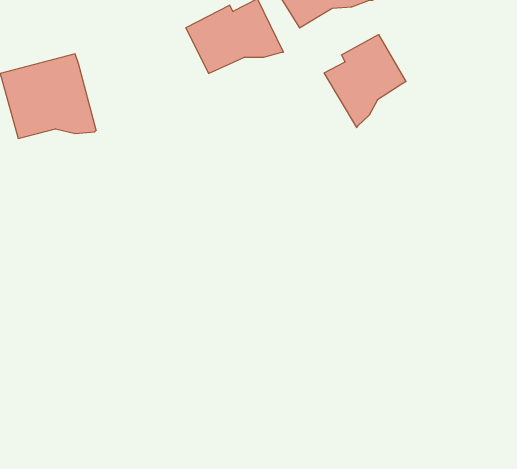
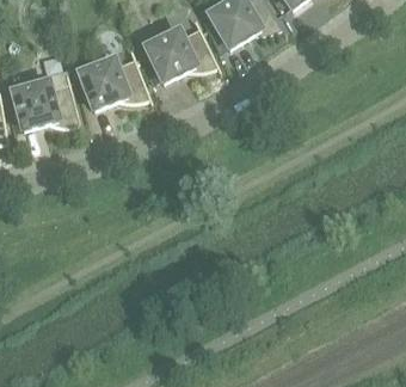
building: [324,35,406,128] -> none
building: none -> [79,59,148,110]

